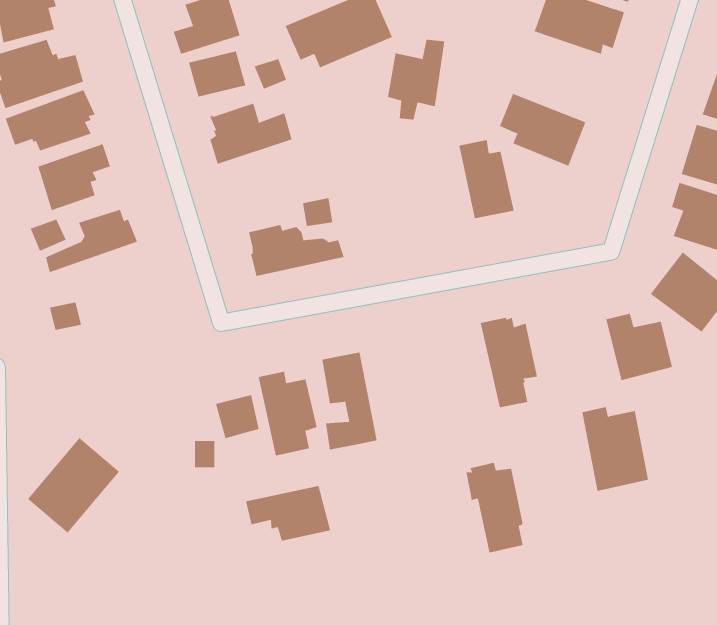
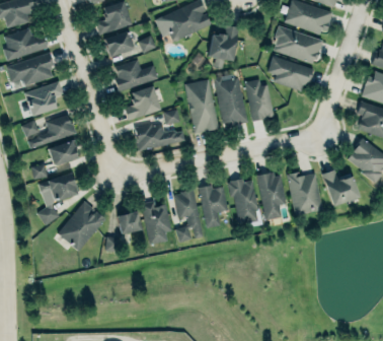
building: none -> [274,26,323,65]
building: none -> [214,77,249,128]
building: none -> [184,79,219,134]
building: none -> [125,85,161,121]
building: none -> [48,140,78,167]
building: none -> [39,174,78,203]
building: none -> [199,186,227,228]
building: [581,407,649,491] -> [287,172,322,216]
building: [27,437,120,534] -> [57,201,105,252]
building: [465,462,523,553] -> [228,178,258,225]
building: [245,485,331,542] -> none

